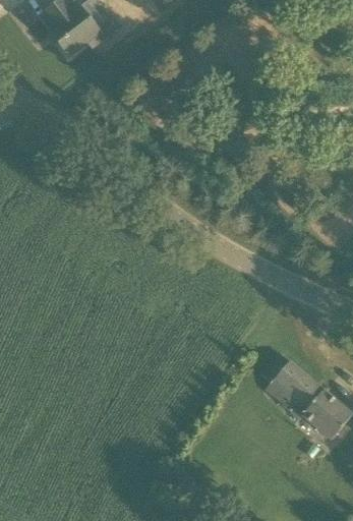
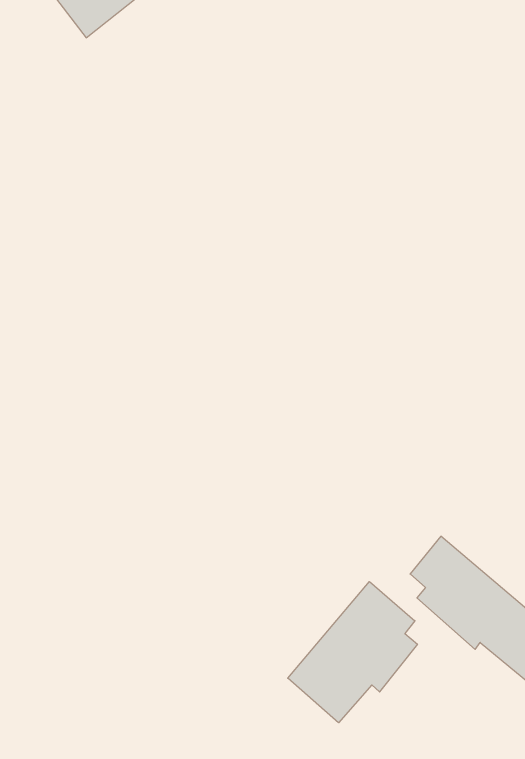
building: none -> [288,582,417,723]

